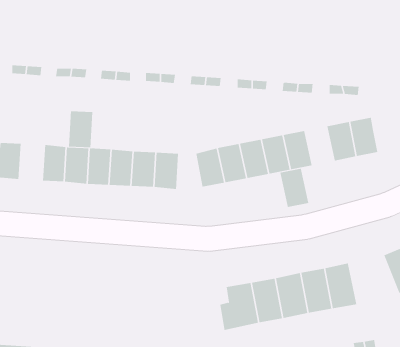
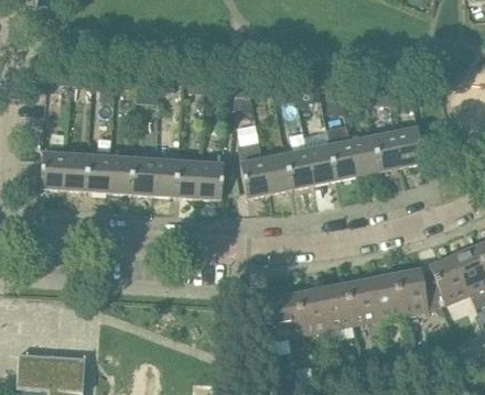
building: [68,111,93,148] -> [63,152,88,189]
building: [280,168,309,208] -> [351,134,380,174]
building: none -> [395,267,429,314]

